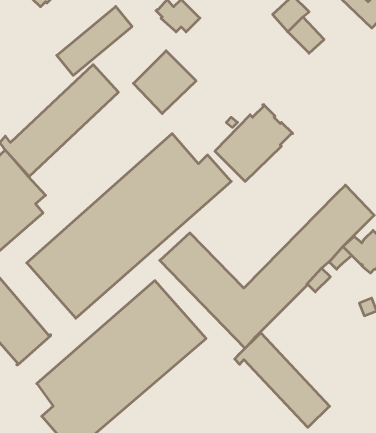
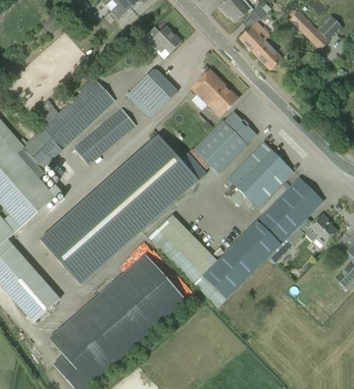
building: [57,6,132,75] -> [74,110,136,166]
building: none -> [192,69,238,115]
building: none -> [229,142,293,206]
building: [235,333,330,427] -> none

